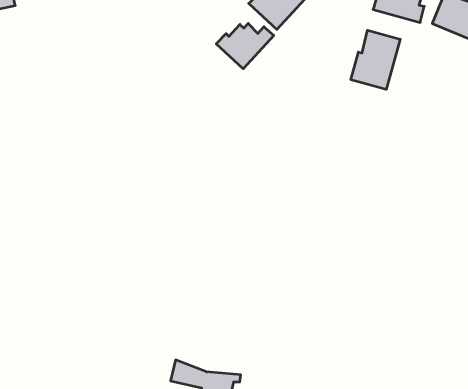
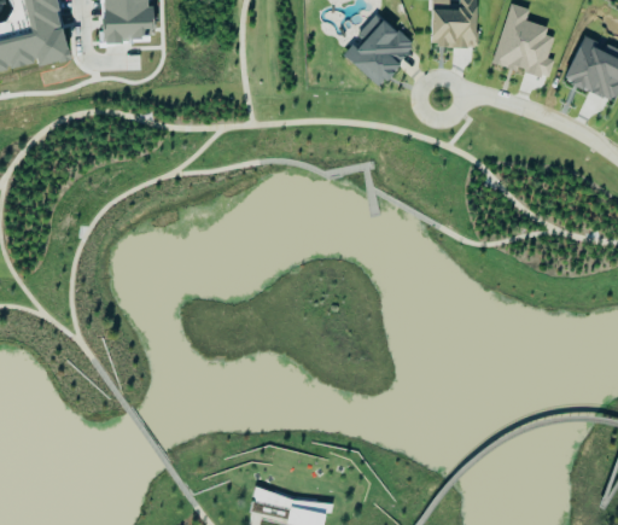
building: [216,23,274,69] -> none
building: [351,30,400,89] -> none

